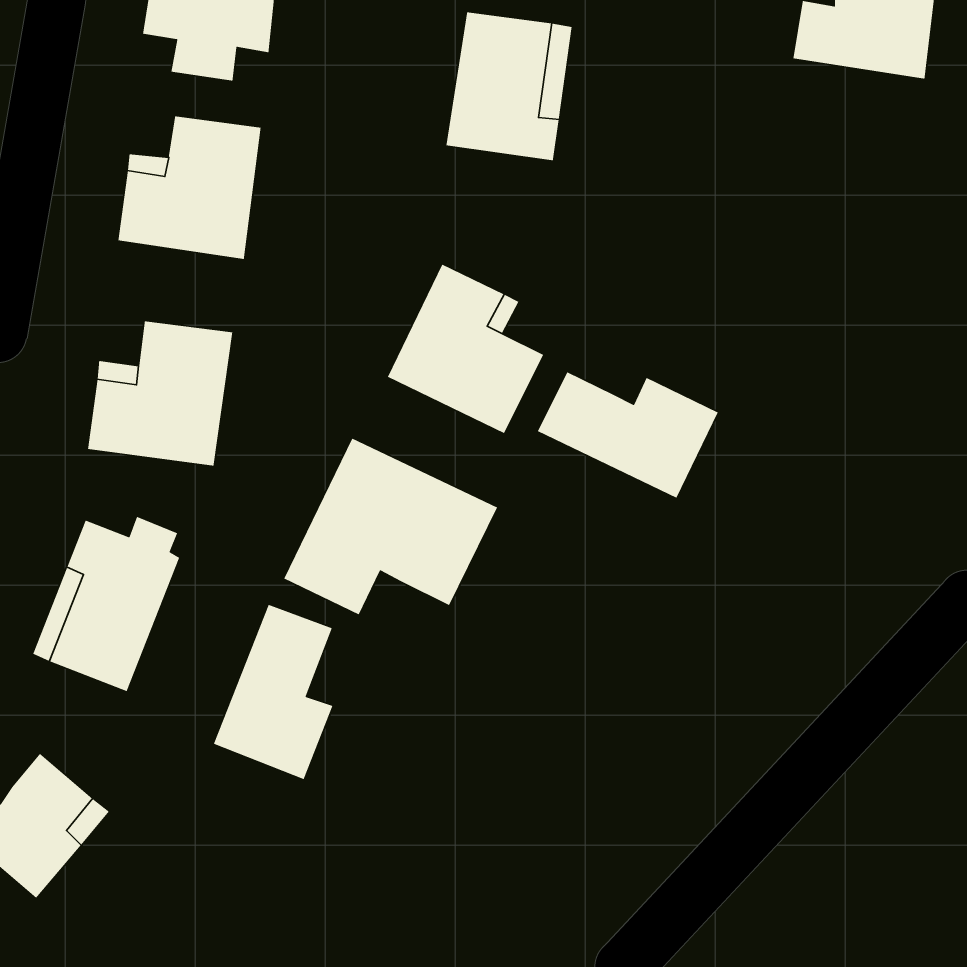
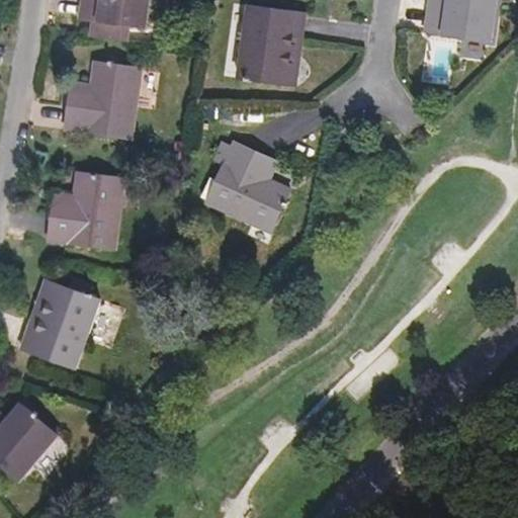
building: [537,371,719,499] -> none
building: [283,437,498,616] -> none
building: [213,604,333,780] -> none

